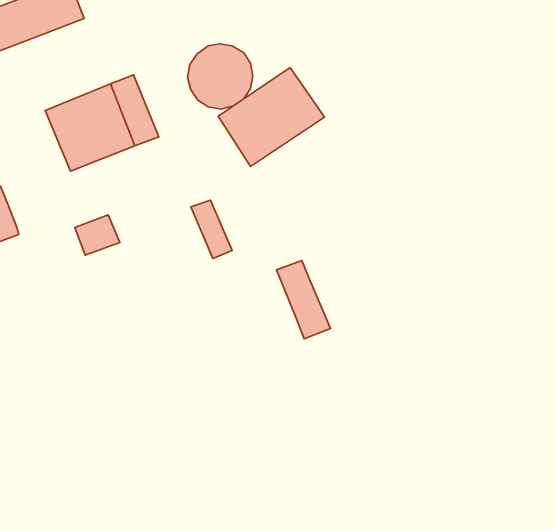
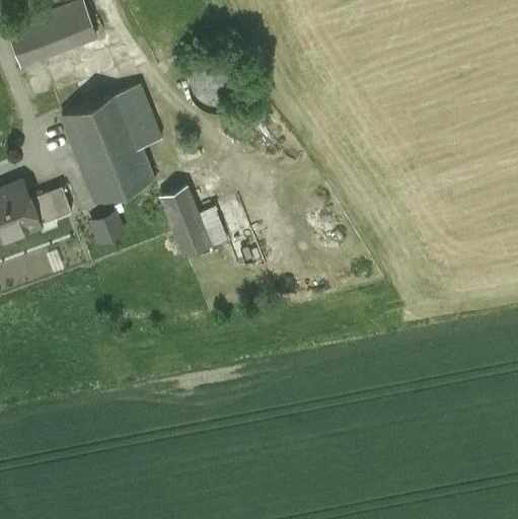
building: [218,68,324,166] -> none
building: none -> [83,150,153,205]
building: none -> [28,190,71,222]
building: [276,261,330,339] -> [161,190,209,258]

